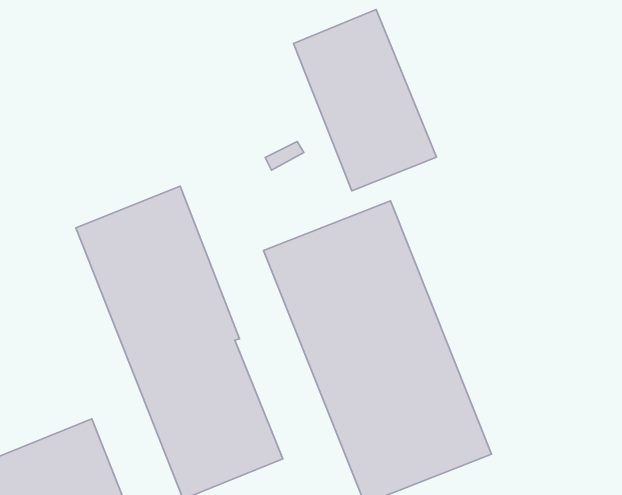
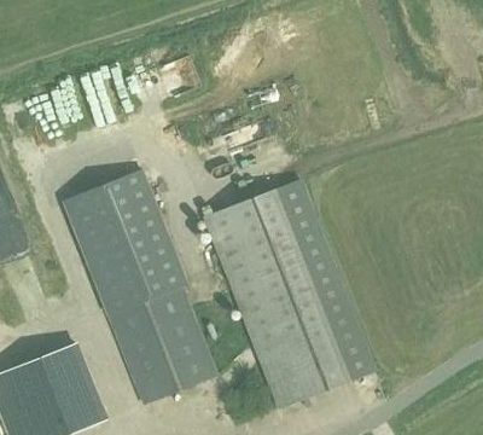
building: [294,9,436,191] -> none

